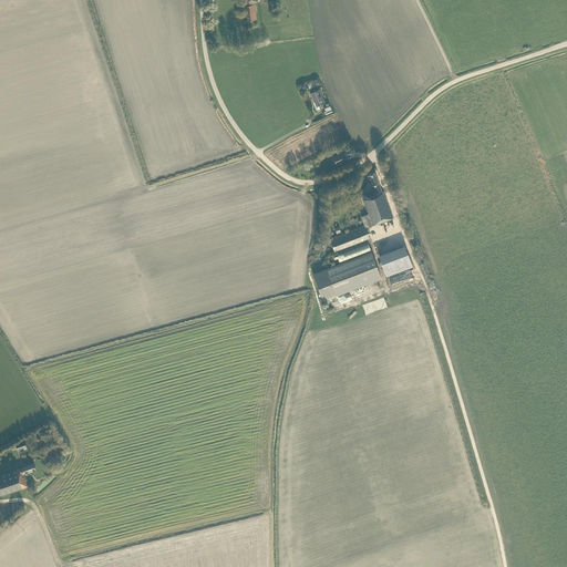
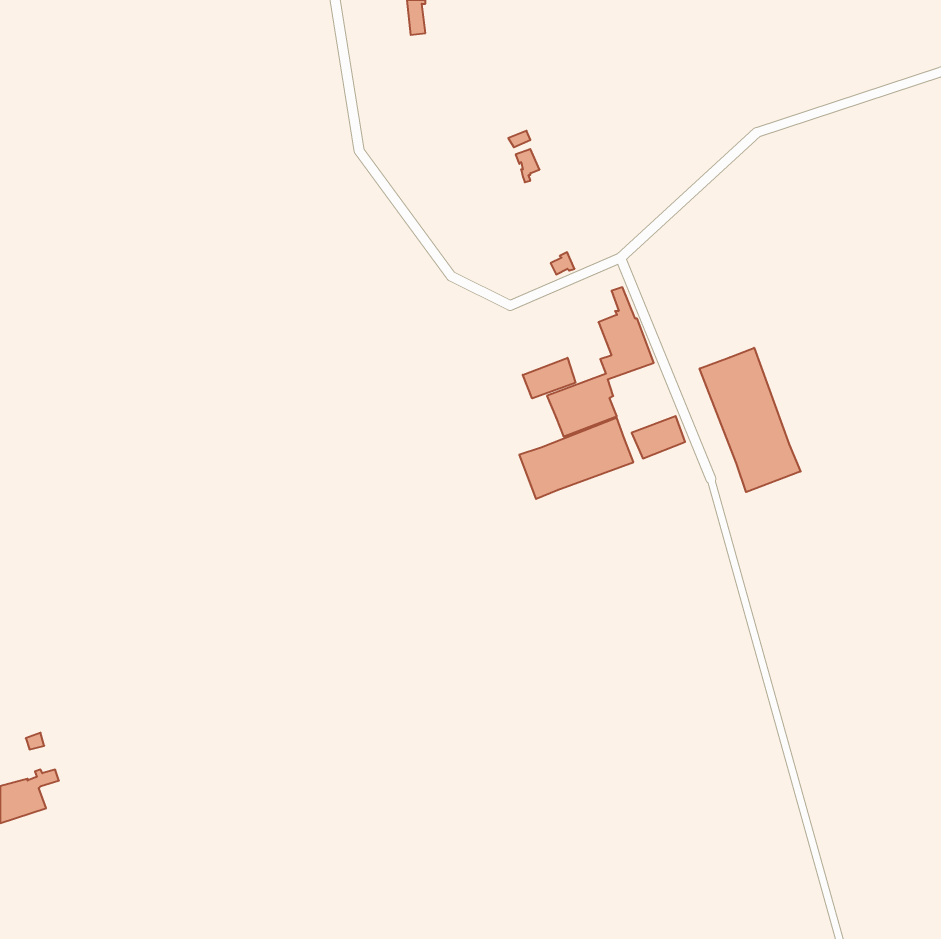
building: none -> [700,348,801,492]
building: none -> [523,358,575,398]

